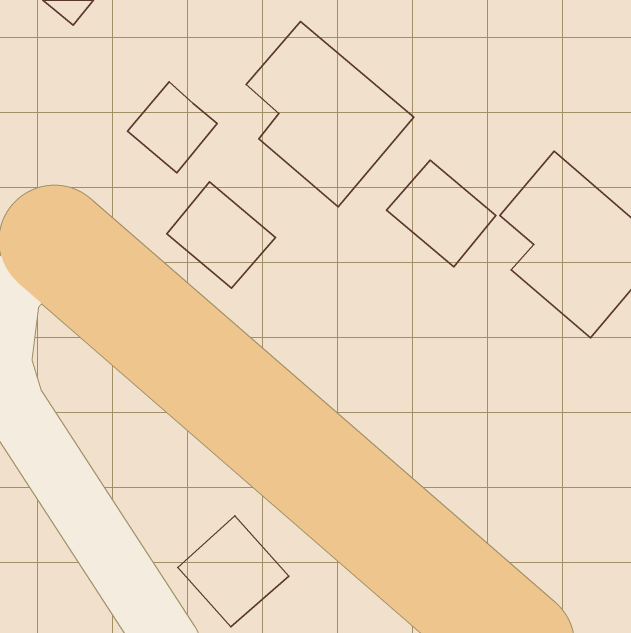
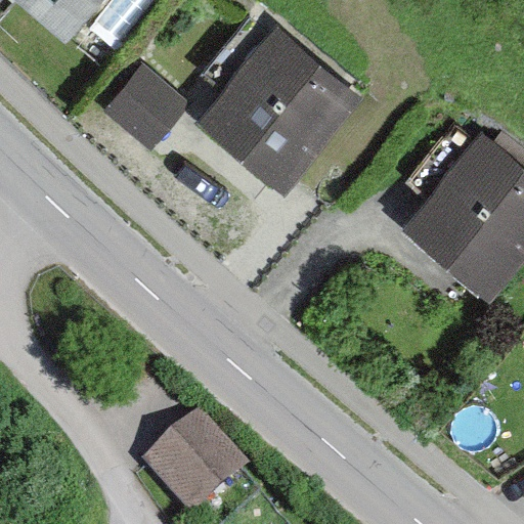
building: [387,160,496,267] -> none
building: [167,182,275,288] -> none

